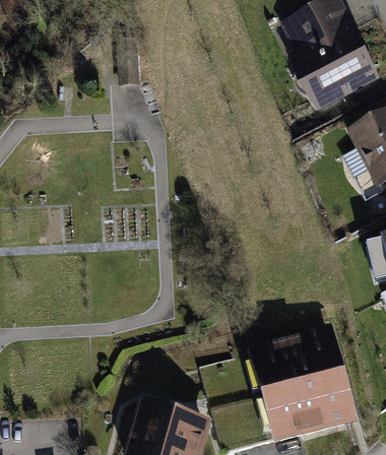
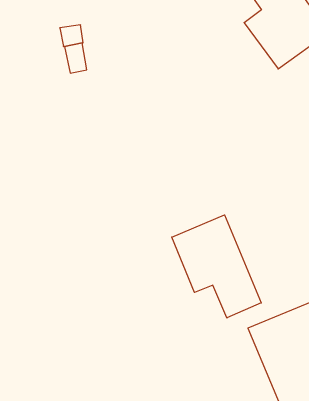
building: none -> [172,215,261,318]

